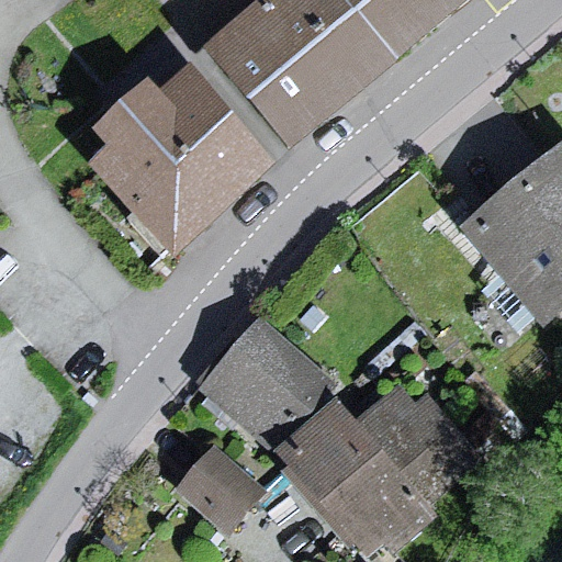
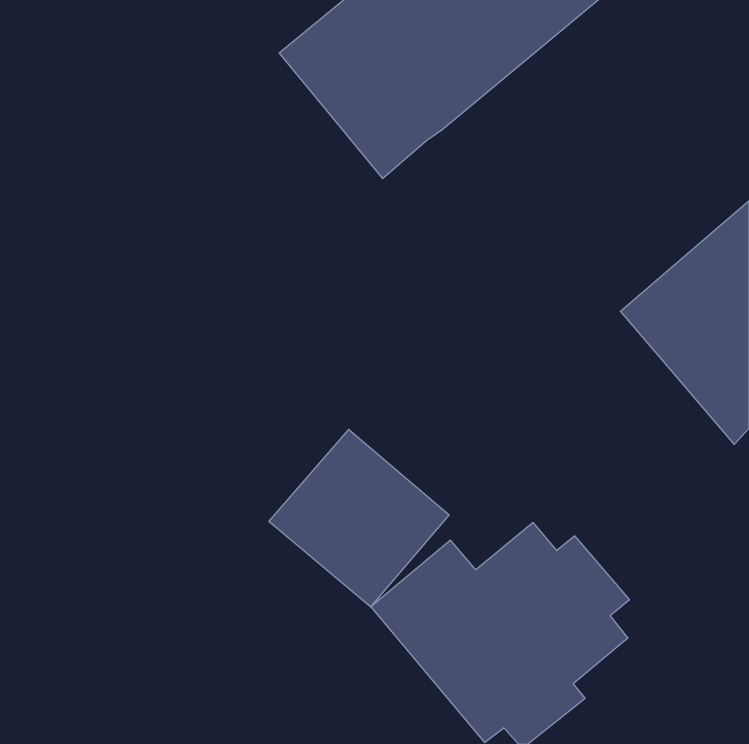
building: [98,63,263,235] -> none
building: [172,446,265,537] -> none

